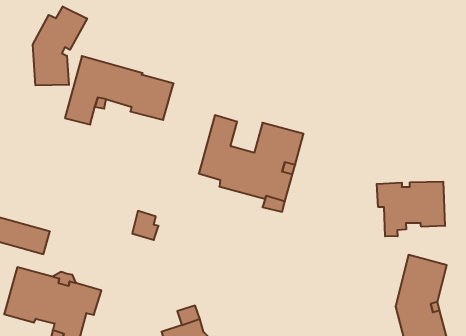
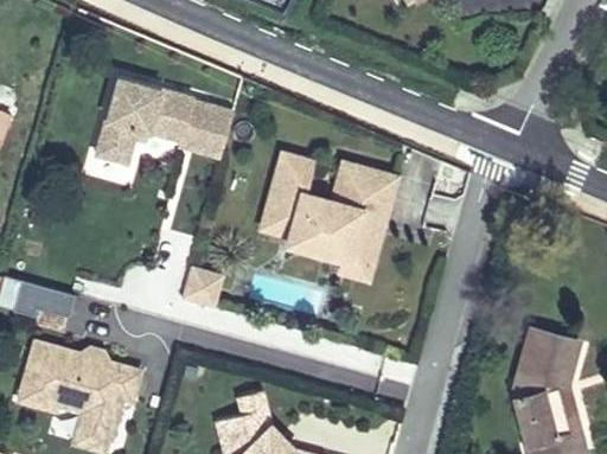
building: [33,6,87,85] -> none
building: [377,182,445,236] -> none

